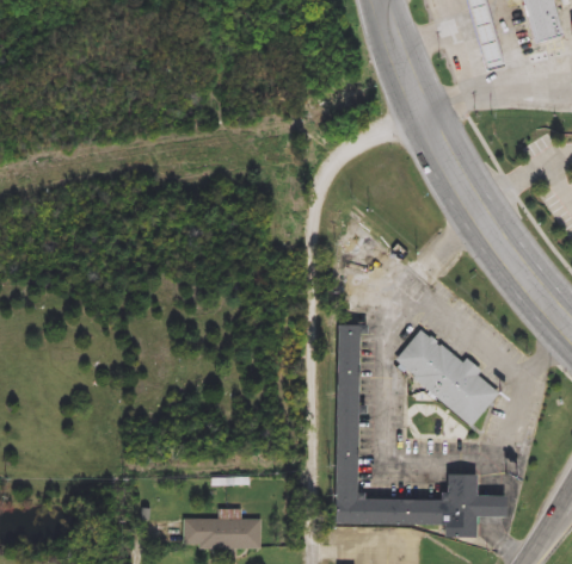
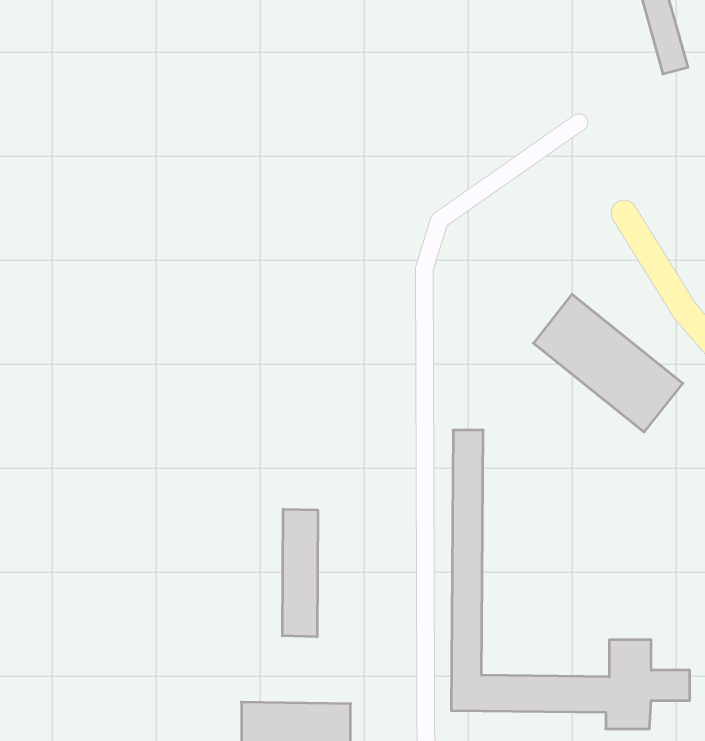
building: [396,328,503,426] -> [533,294,683,432]
building: none -> [282,509,318,637]

